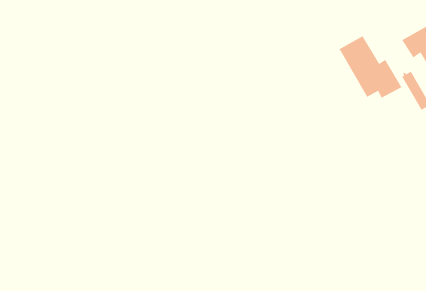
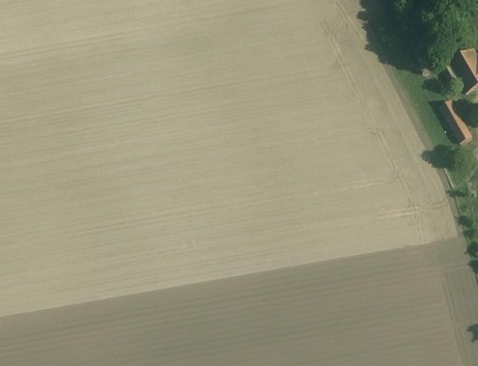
building: [339,35,403,99] -> none

